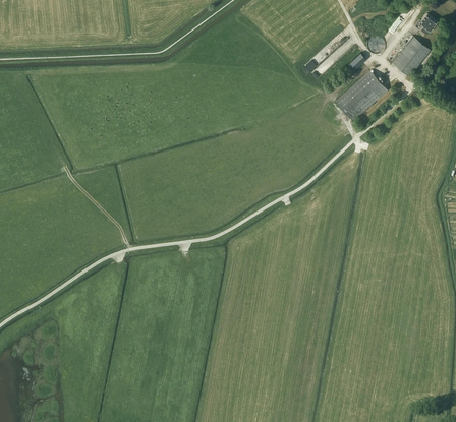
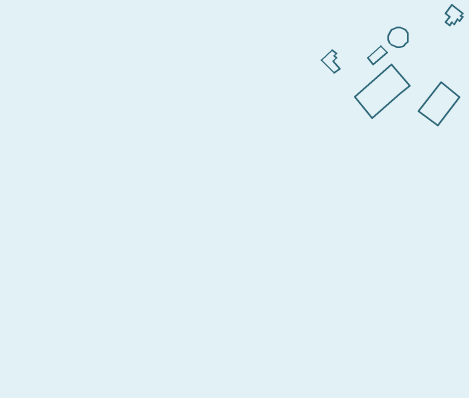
building: [393,34,432,74] -> [419,82,460,125]

